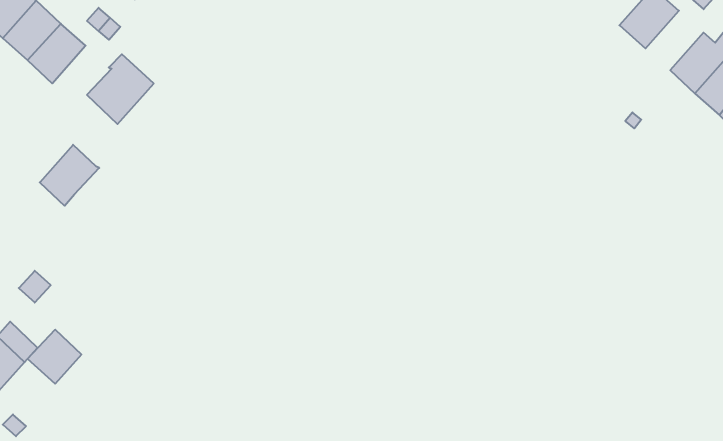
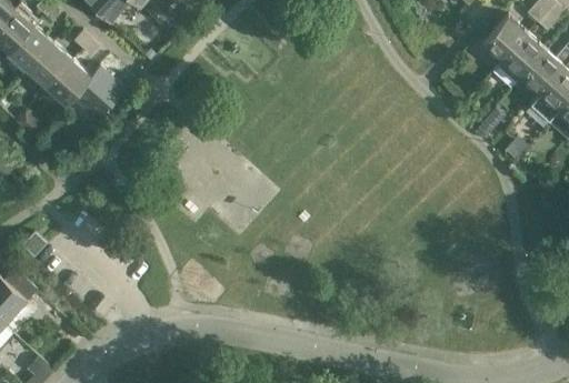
building: none -> [501,34,546,80]
building: [40,145,99,206] -> [47,61,92,108]
building: [28,330,81,384] -> none

